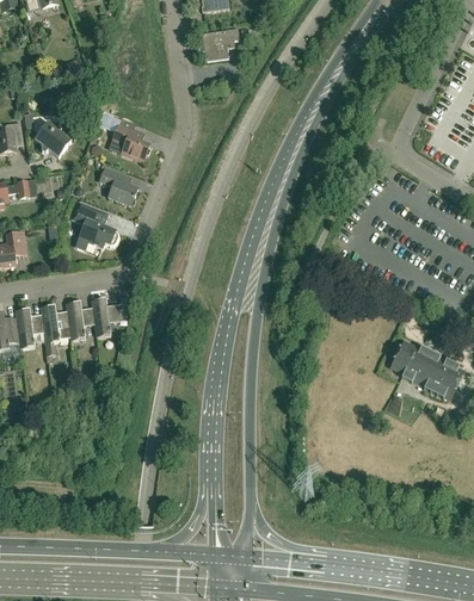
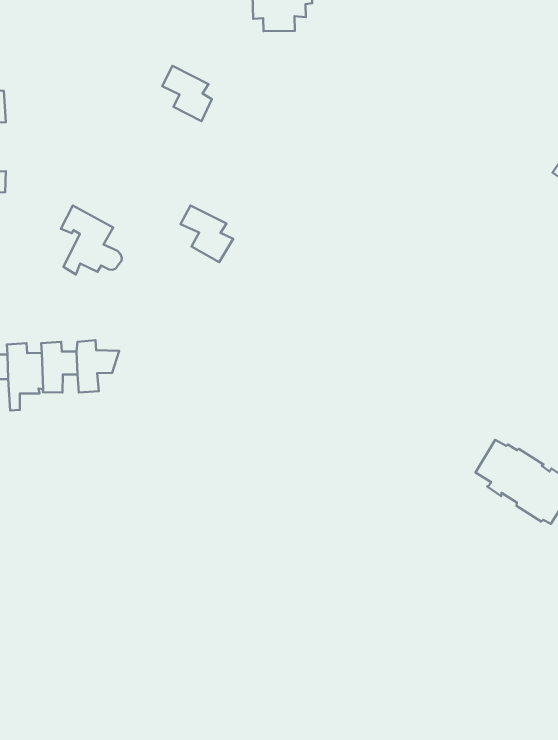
building: [35,120,72,156] -> none
building: [112,123,149,161] -> [162,66,212,121]
building: [99,166,138,205] -> [180,205,233,262]

